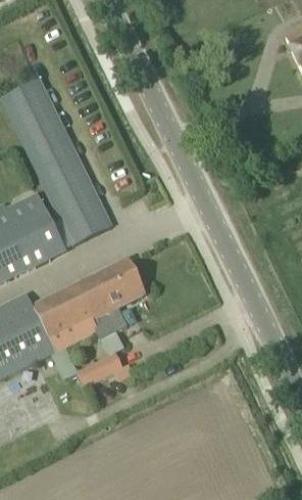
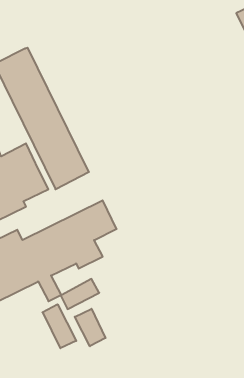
building: none -> [42,304,76,348]
building: none -> [75,309,106,346]

